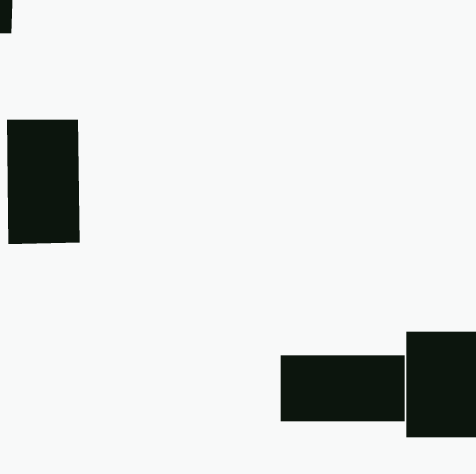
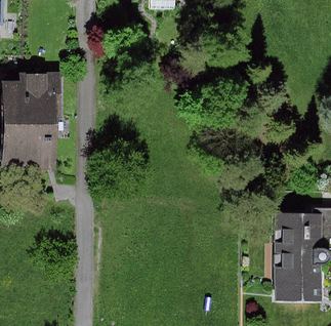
building: [280,355,405,422] -> none

